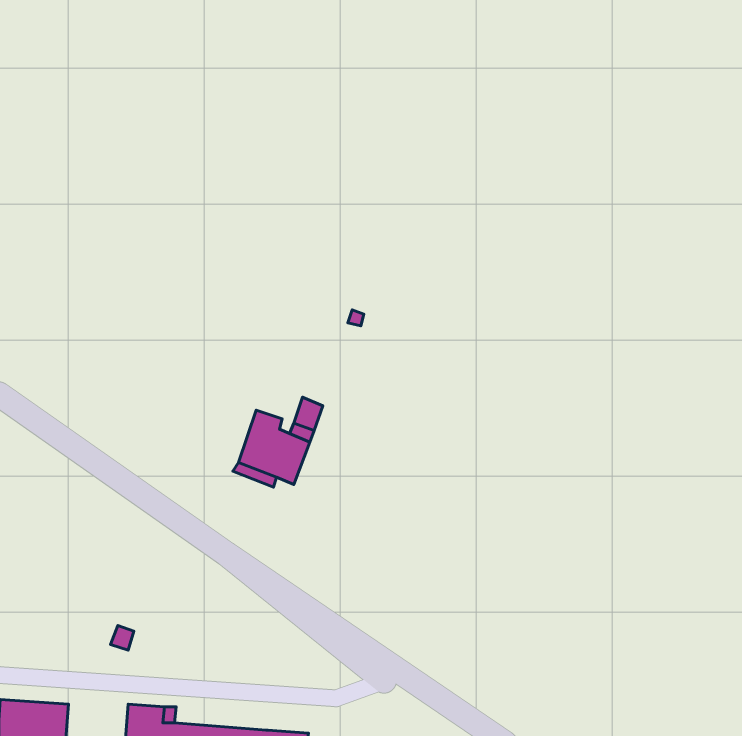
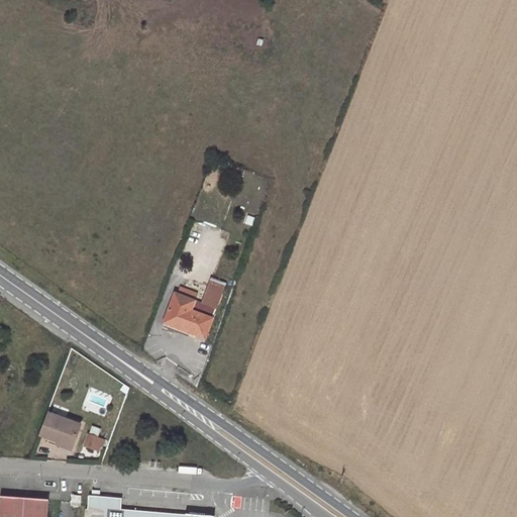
building: none -> [37,418,80,455]

